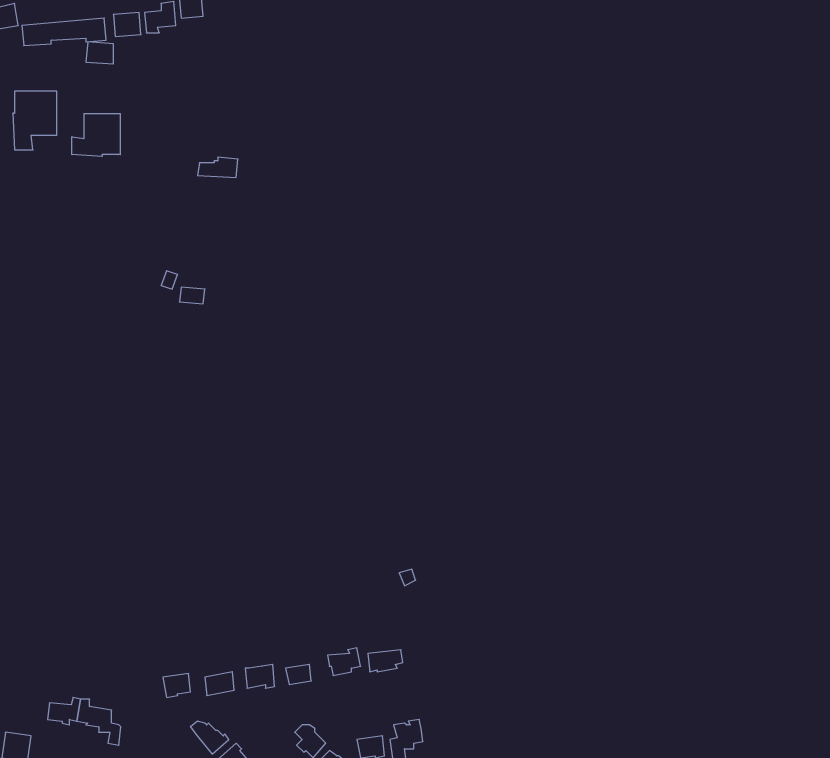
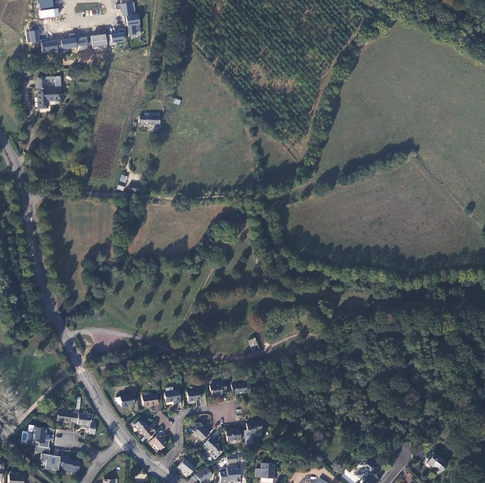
building: [72,114,120,156] -> none

